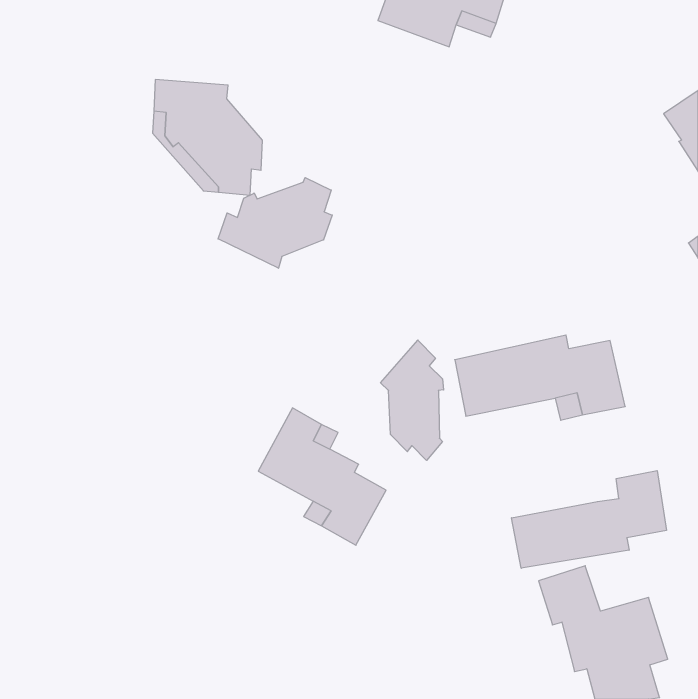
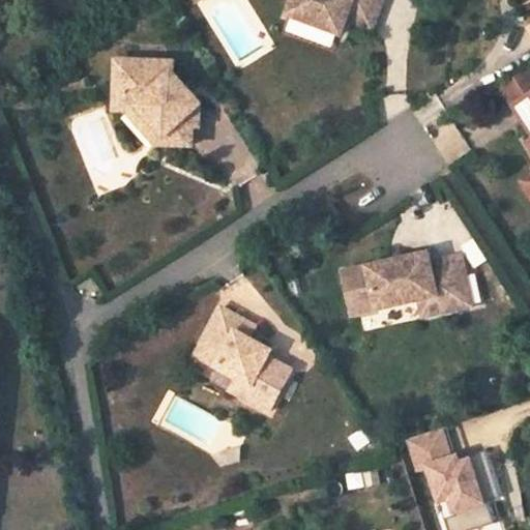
building: [218,178,332,268] -> none
building: [381,340,444,460] -> none
building: [512,471,666,568] -> none

